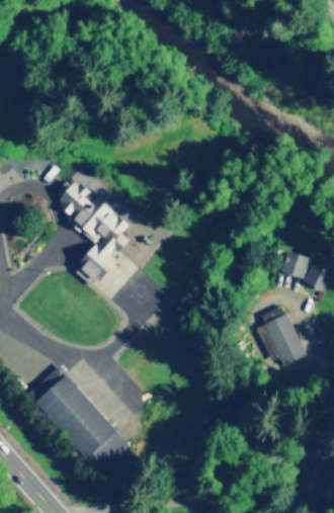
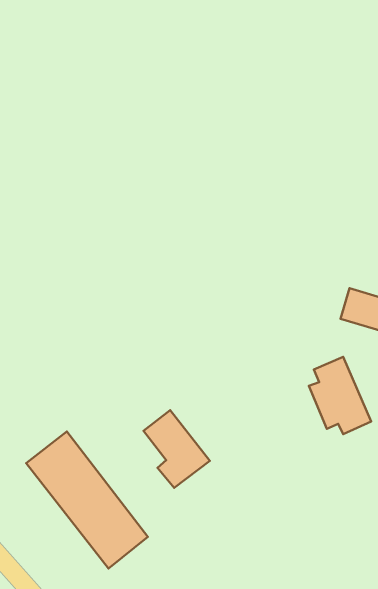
building: [56,181,132,287] -> none
building: none -> [144,410,210,488]

